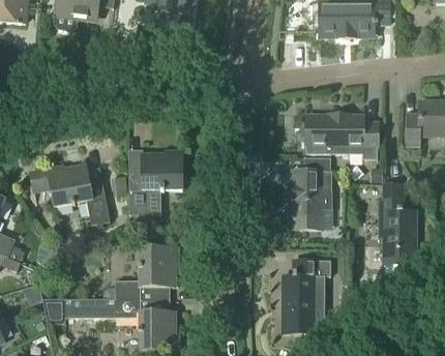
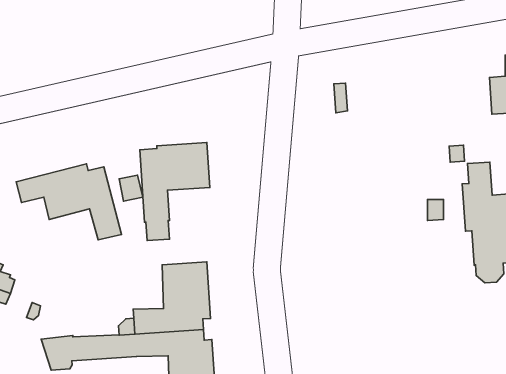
building: [304,116,378,159] -> none
building: [292,157,332,229] -> none
building: [284,259,329,332] -> none

